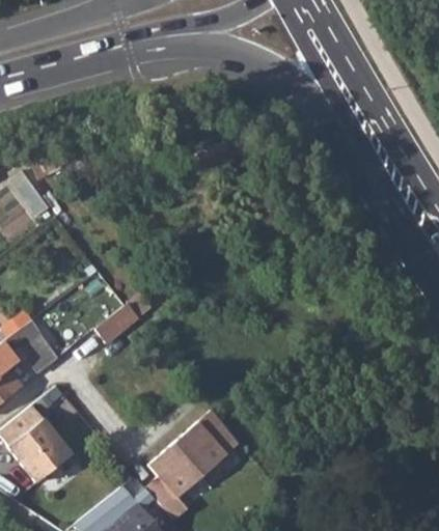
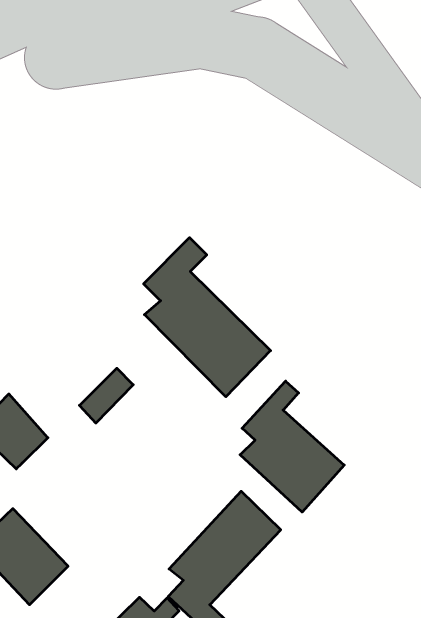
building: none -> [144,238,271,397]
building: none -> [240,381,344,512]

